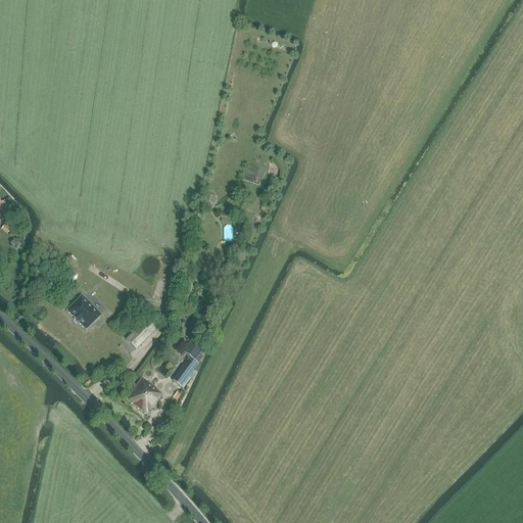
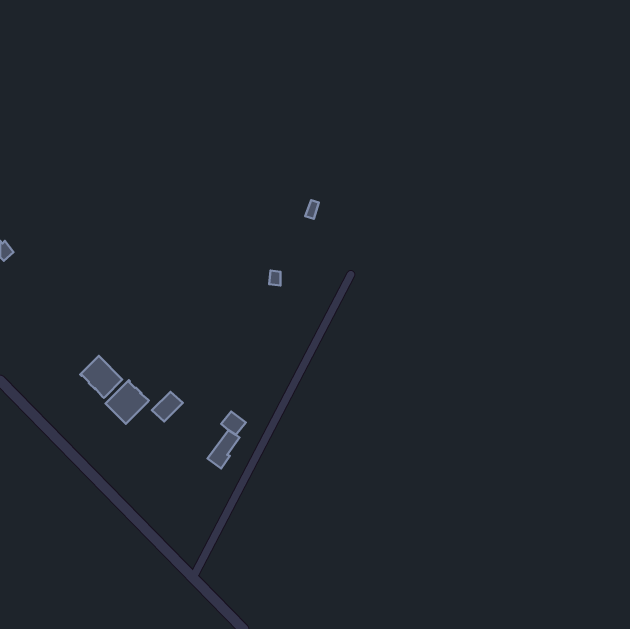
building: none -> [106,380,149,424]
building: [127,377,163,414] -> none

